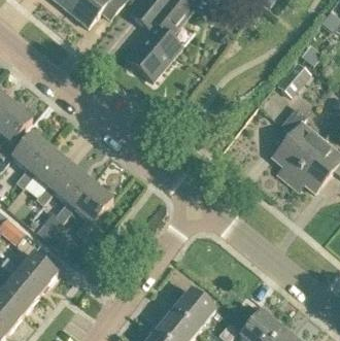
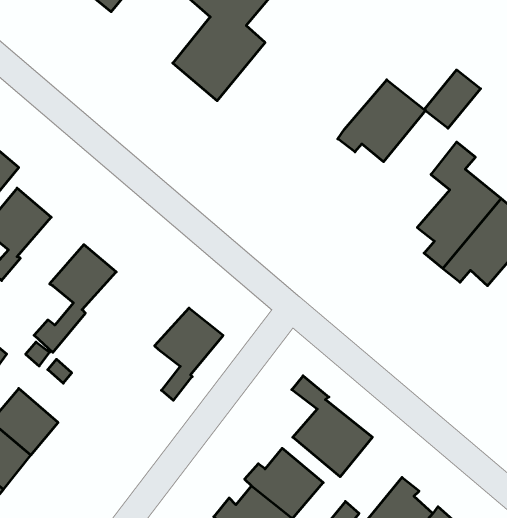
building: none -> [338,80,426,162]
building: [31,150,71,205] -> none
building: [70,183,111,239] -> [155,308,223,400]
building: none -> [292,376,372,477]

